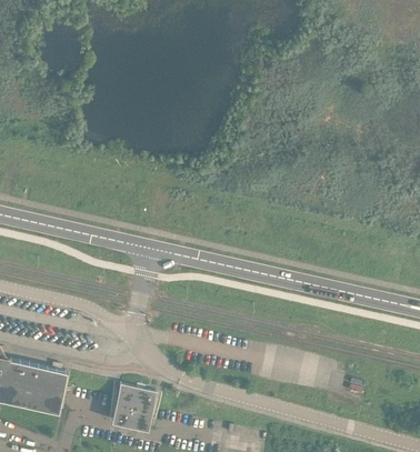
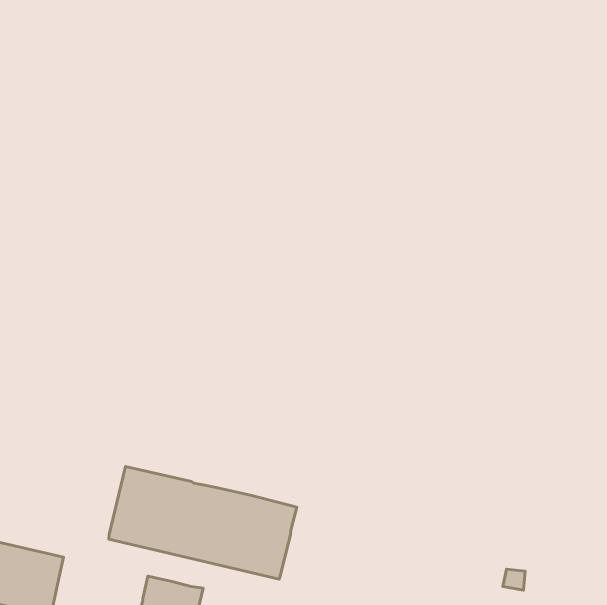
building: none -> [109,466,297,579]

